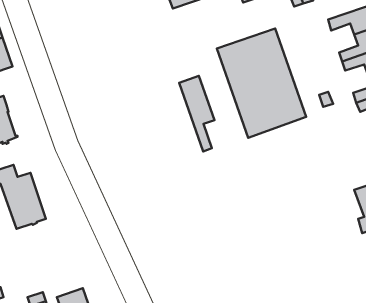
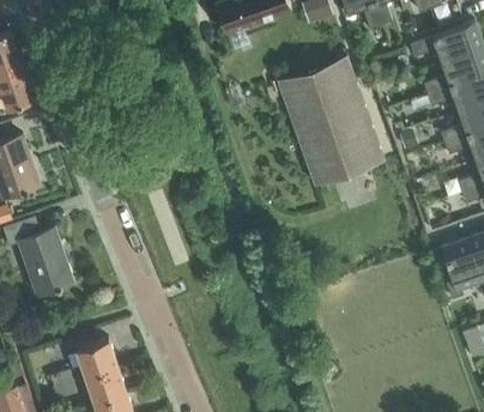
building: [179,76,215,152] -> none
building: none -> [77,339,116,376]

